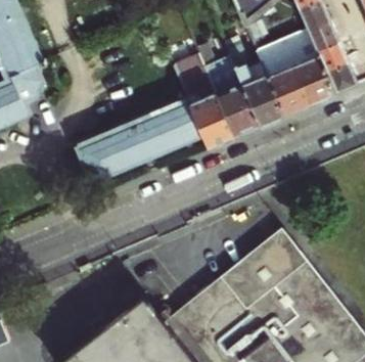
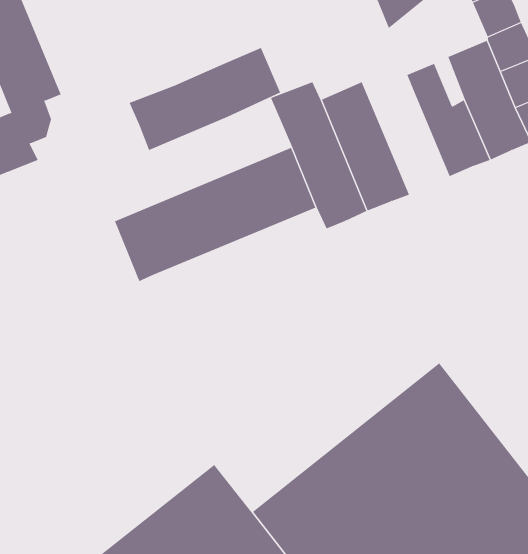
building: none -> [129,47,281,151]
building: [227,40,286,127] -> none

